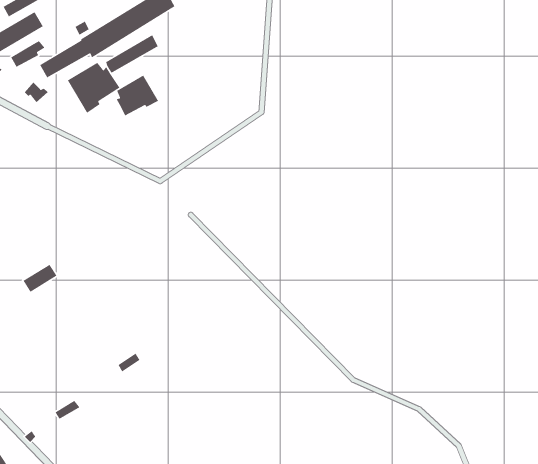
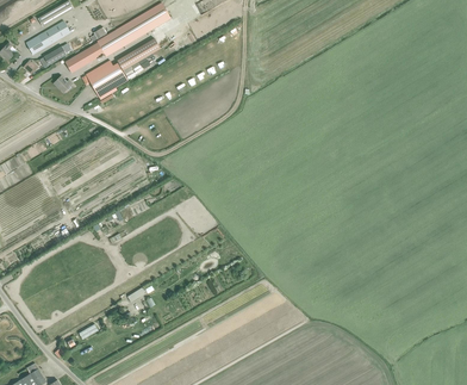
building: [115,75,159,117] -> none

